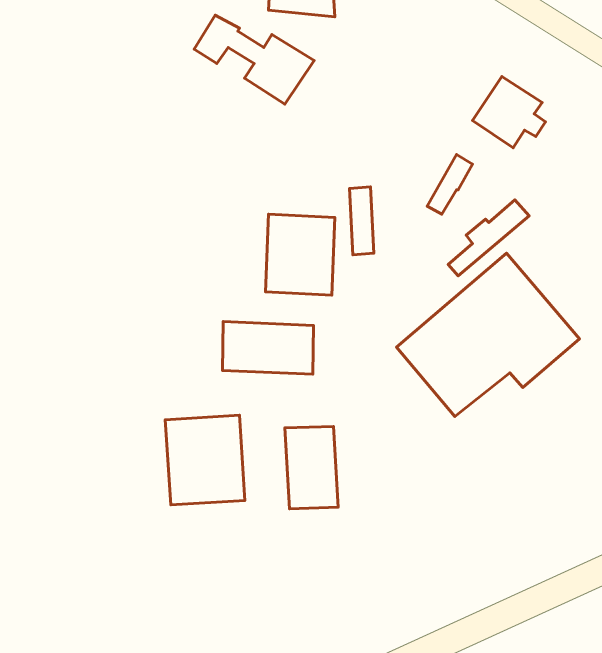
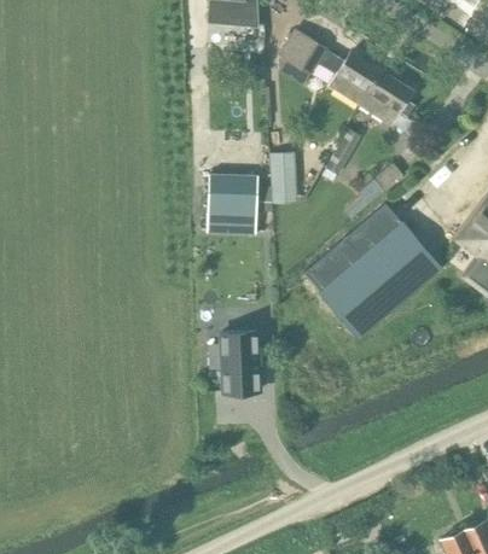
building: [194,15,314,104] -> [294,37,383,104]
building: [223,322,313,374] -> none
building: [165,415,245,505] -> none

